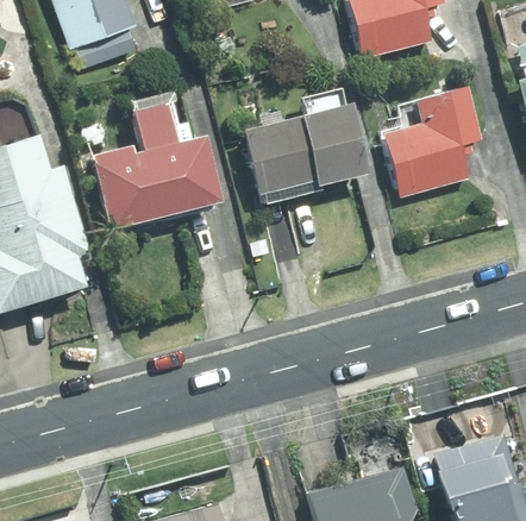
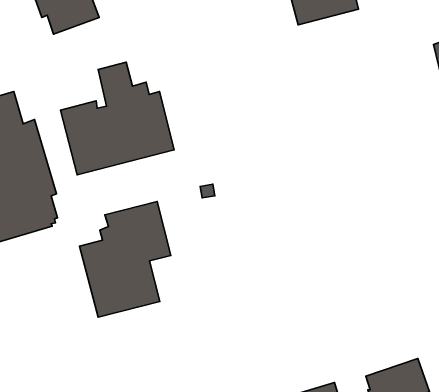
building: [384,86,482,197] -> none
building: [244,105,369,194] -> none
building: none -> [79,201,171,317]

